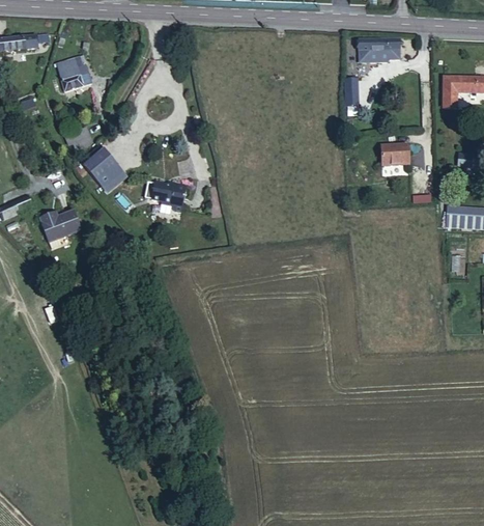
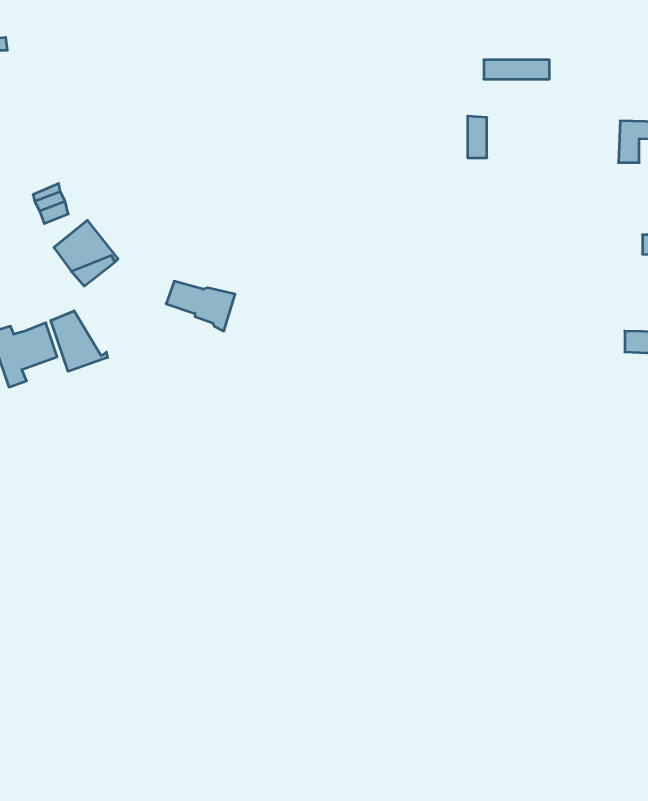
building: [58,55,91,91] -> none
building: [386,146,412,166] -> none
building: none -> [51,311,108,371]

